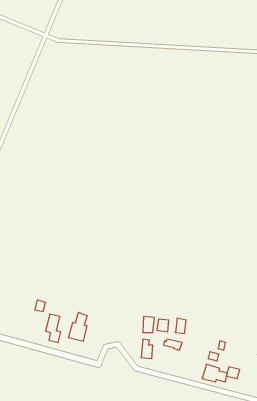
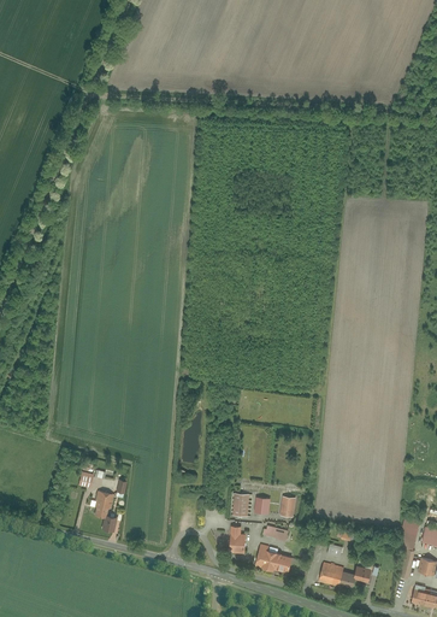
building: [68,312,87,341] -> none
building: none -> [255,543,293,572]

